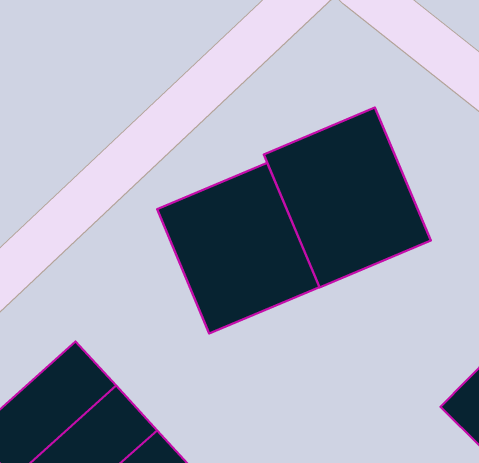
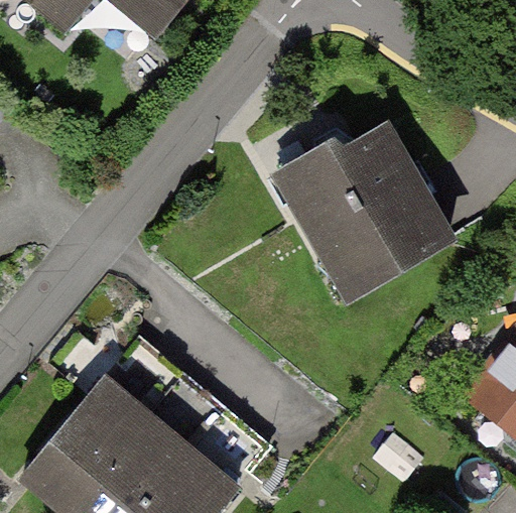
building: [157,163,319,333] -> none

